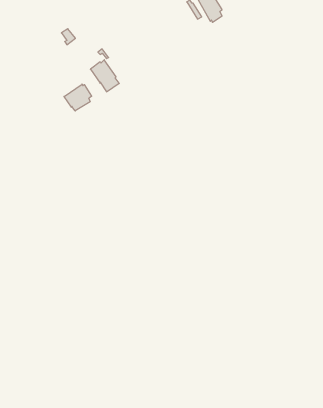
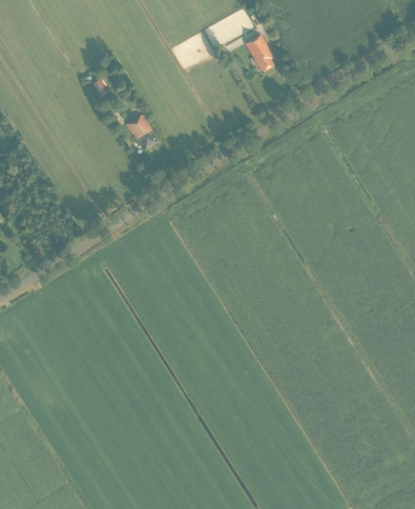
building: [64,84,92,111] -> none

